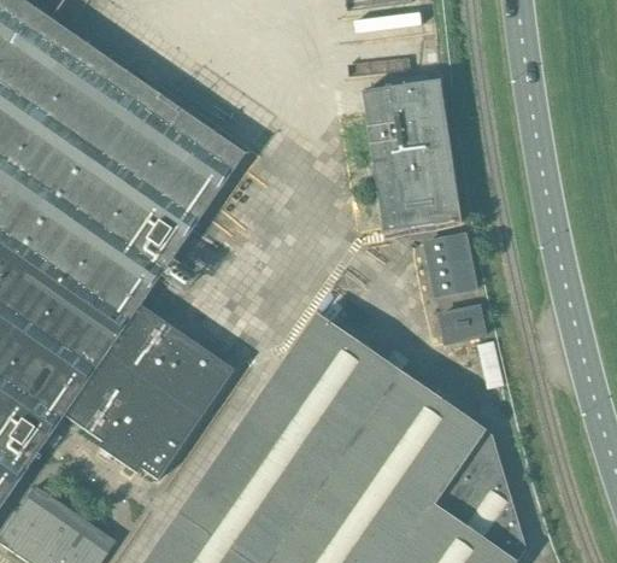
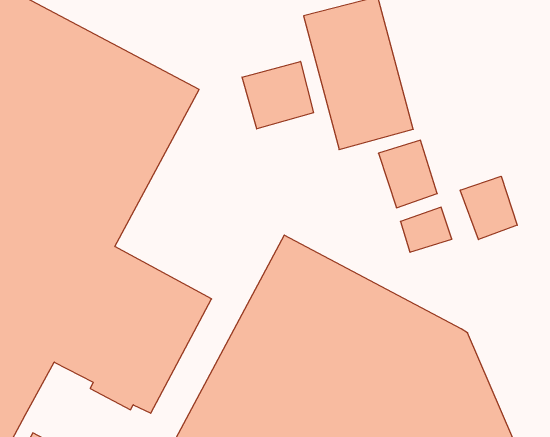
building: none -> [242,61,313,129]
building: none -> [460,176,517,240]

